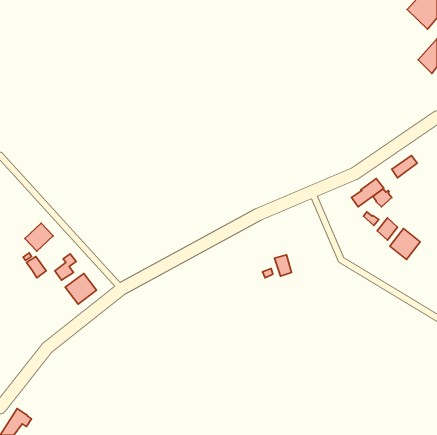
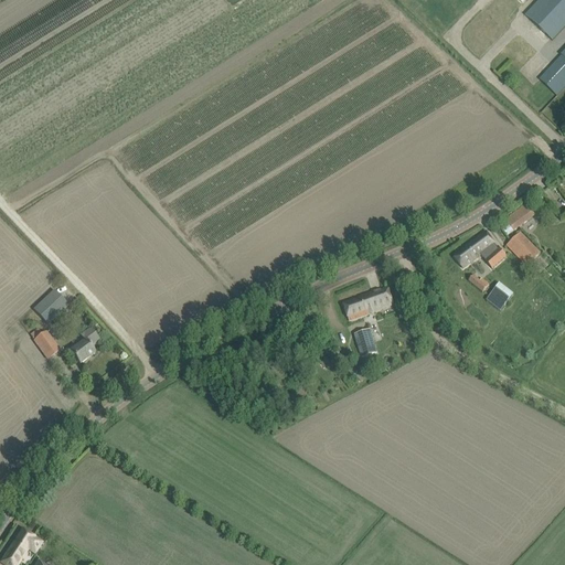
building: none -> [507,232,540,265]
building: none -> [343,287,393,320]
building: [390,229,420,259] -> none
building: [65,273,97,304] -> none

